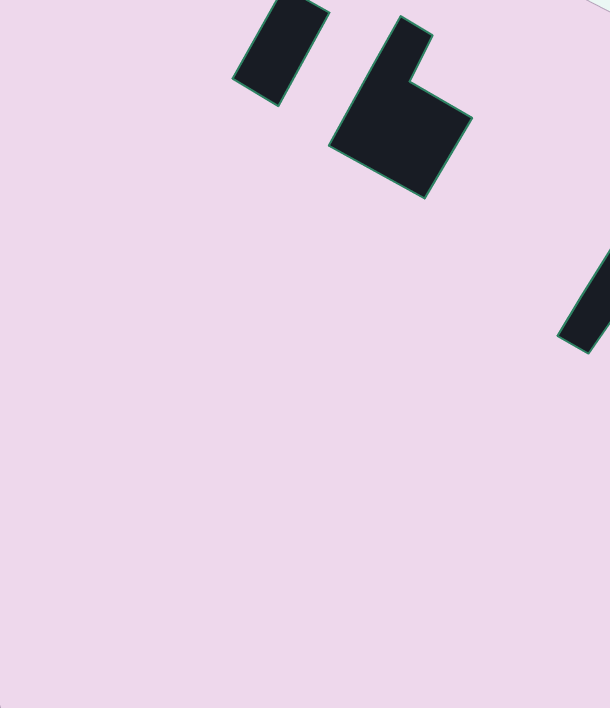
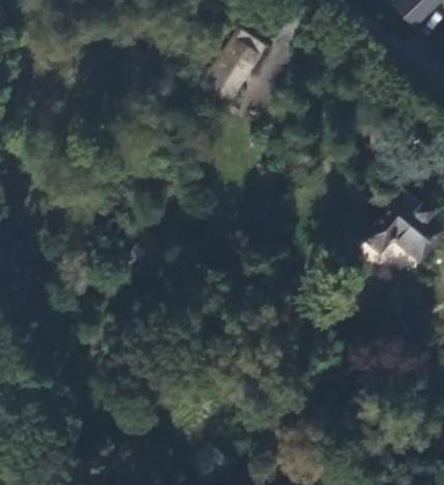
building: [329,16,472,199] -> none

